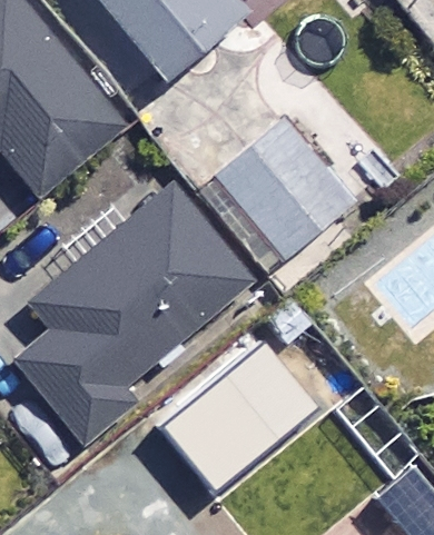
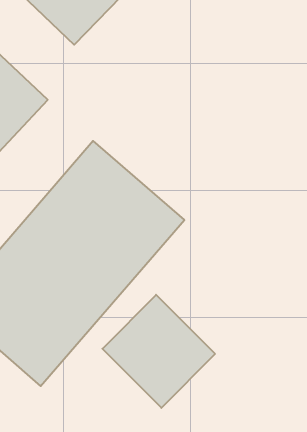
building: [206,115,359,269] -> none

